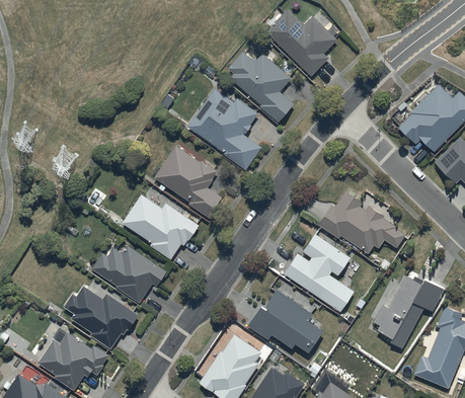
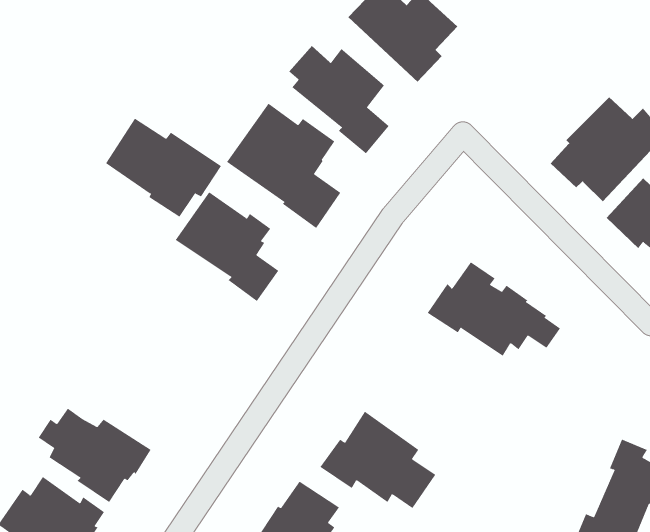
building: [123,194,199,259] -> [105,118,222,217]
building: [285,234,354,313] -> none
building: [92,244,166,303] -> none
building: [373,269,445,348] -> none

